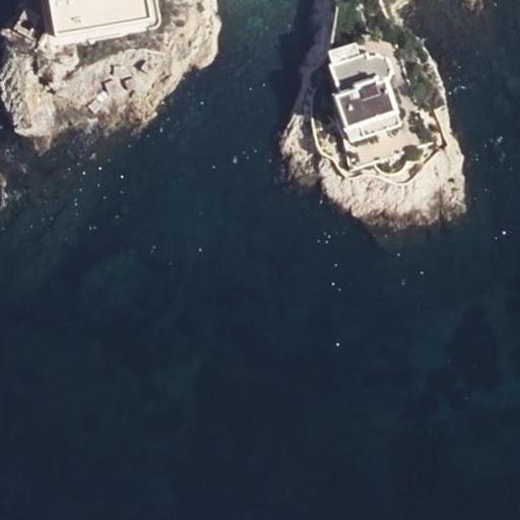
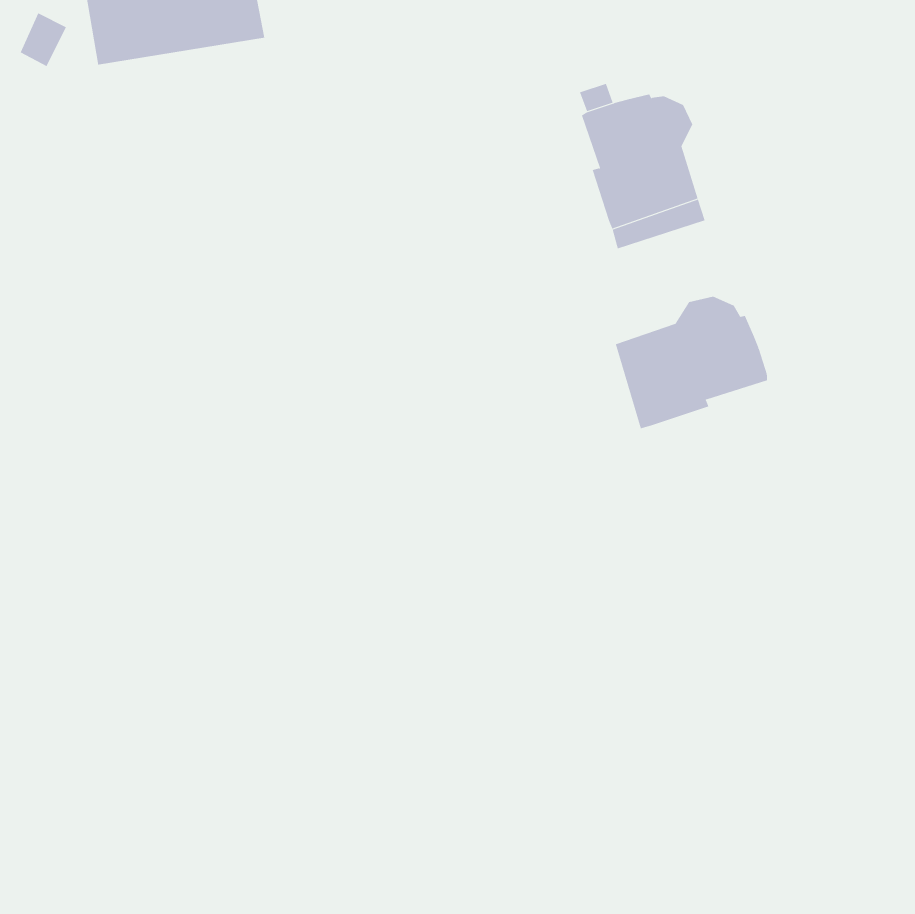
building: none -> [615,296,767,429]

